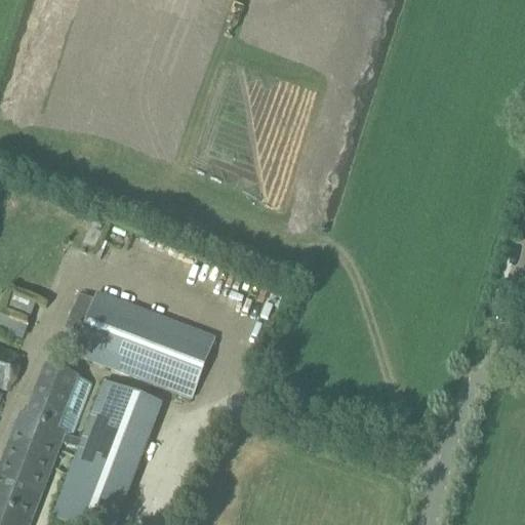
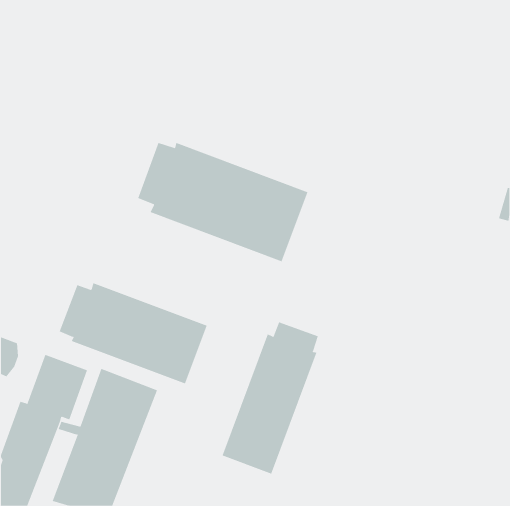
building: none -> [137,142,308,262]
building: none -> [222,322,319,475]

